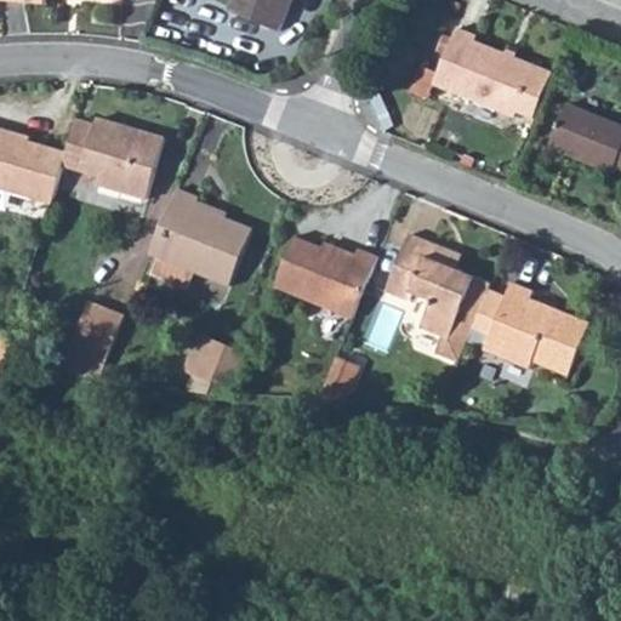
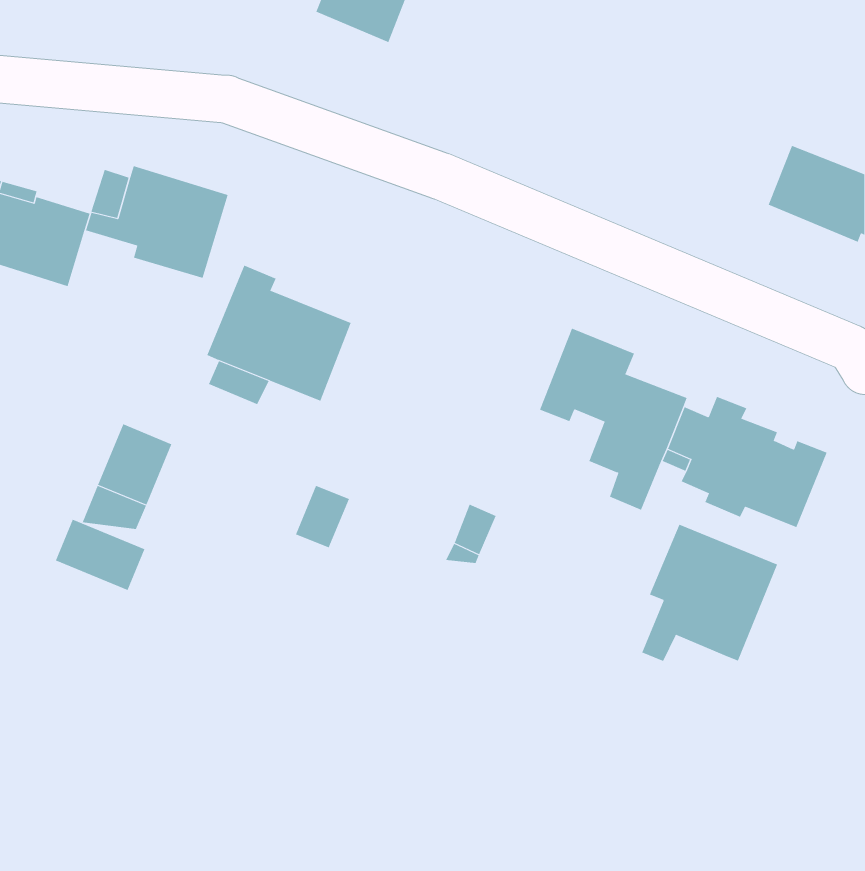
building: [410,27,549,118] -> none
building: [272,235,375,318] -> none
building: [182,334,224,382] -> none
building: none -> [55,519,145,591]
building: none -> [642,524,778,662]

